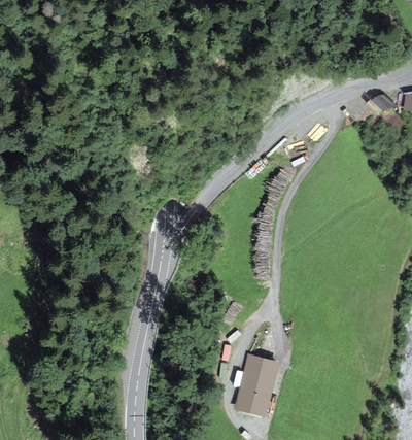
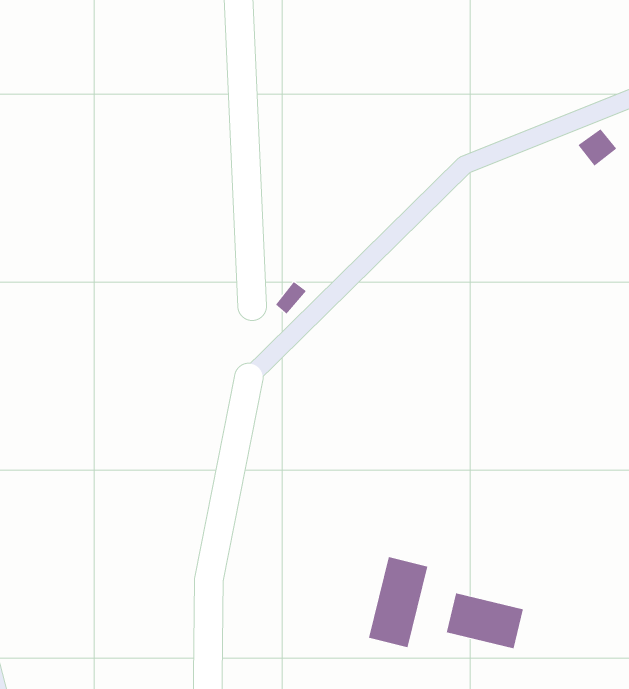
building: none -> [446,592,523,649]

